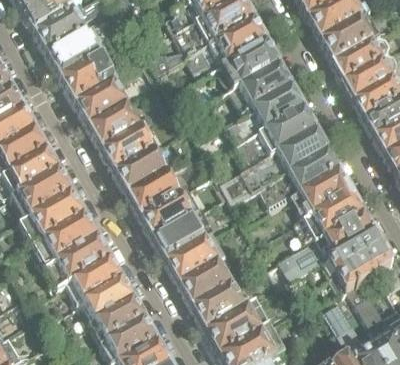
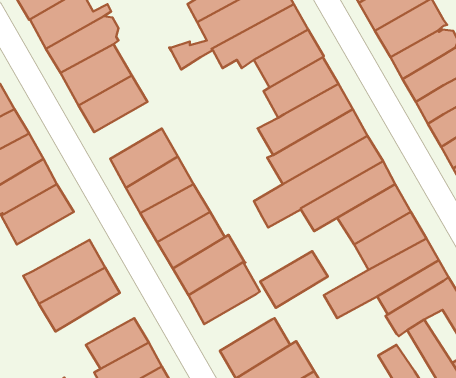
building: [92,101,157,148] -> none
building: [21,192,88,241] -> none
building: [70,259,125,305] -> none
building: [183,260,239,307] -> [260,251,328,308]

